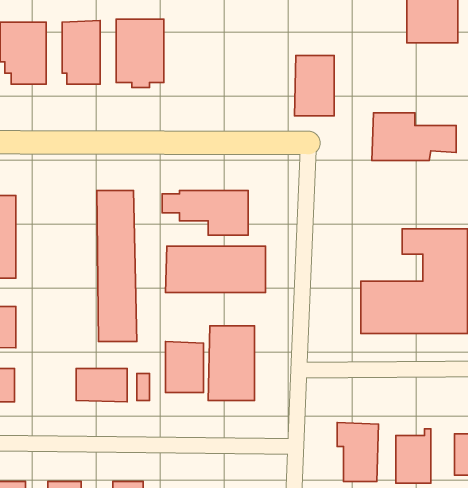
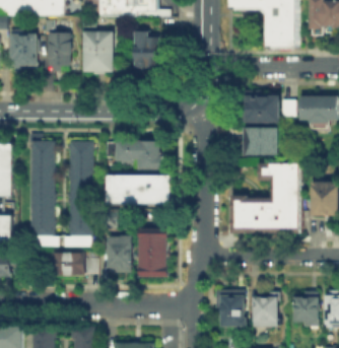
building: [294,55,334,116] -> [137,36,162,74]
building: none -> [245,129,280,155]
building: none -> [26,141,52,237]

